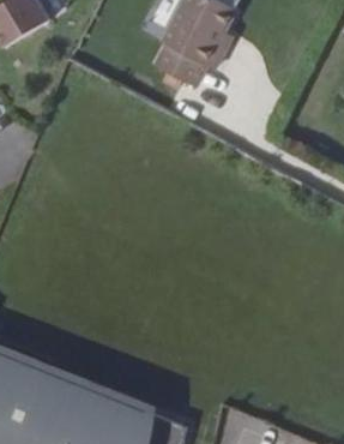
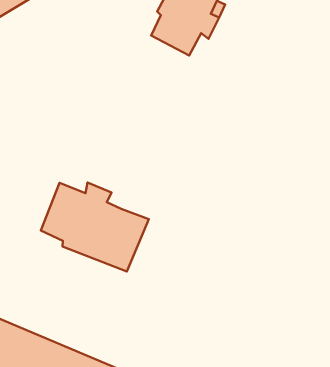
building: none -> [41,182,149,272]

